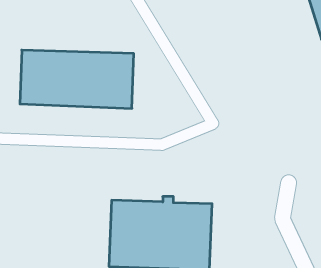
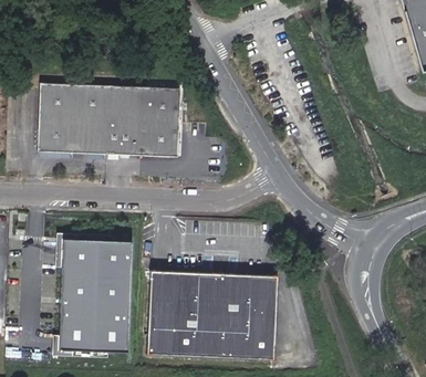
building: none -> [67,239,137,344]

